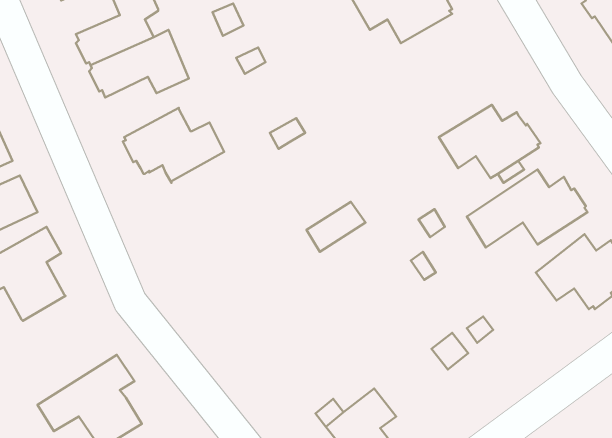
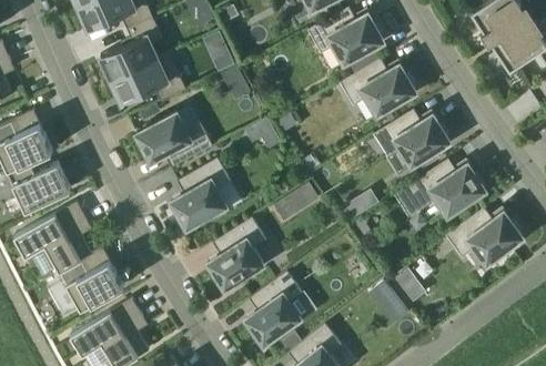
building: none -> [341,60,416,116]
building: none -> [171,159,231,230]
building: none -> [208,218,266,291]
building: none -> [60,248,124,313]
building: none -> [245,273,303,346]

